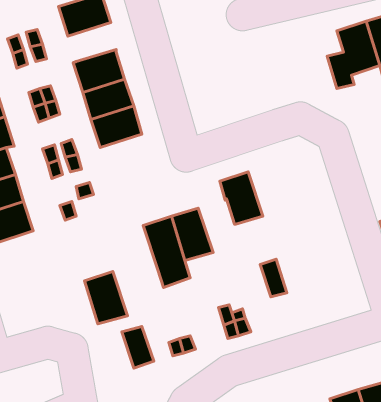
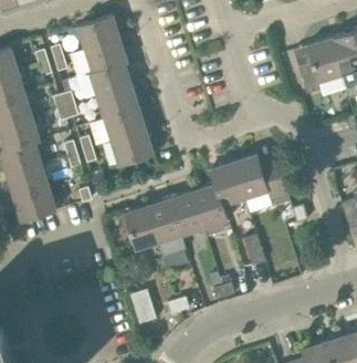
building: none -> [85,40,128,72]
building: none -> [112,132,154,166]
building: none -> [233,155,291,207]
building: none -> [192,185,229,229]
building: [85,272,128,324] -> [124,207,159,250]

